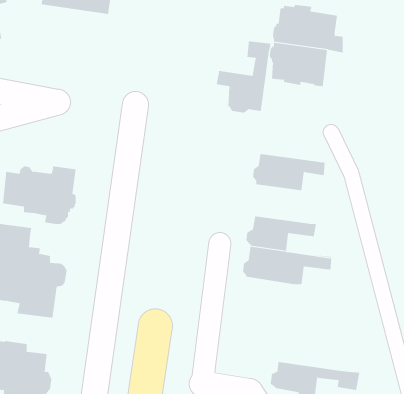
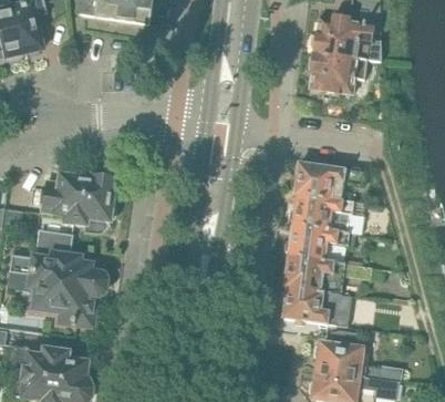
building: [216,41,271,114] -> none
building: none -> [289,193,353,231]
building: none -> [281,285,339,322]
building: none -> [313,342,380,378]

